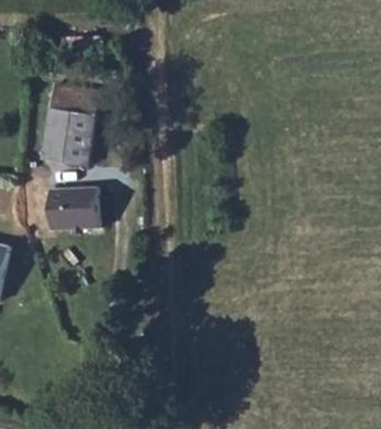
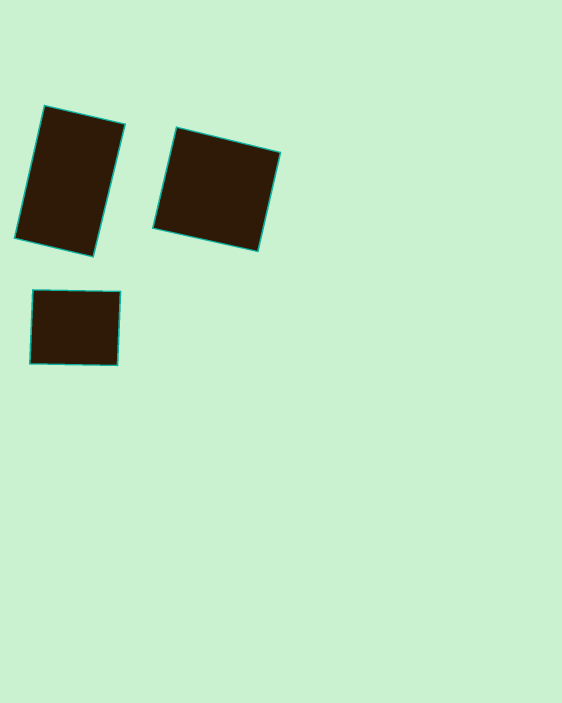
building: none -> [153,127,281,251]

